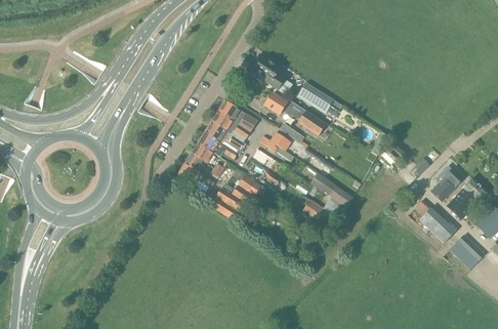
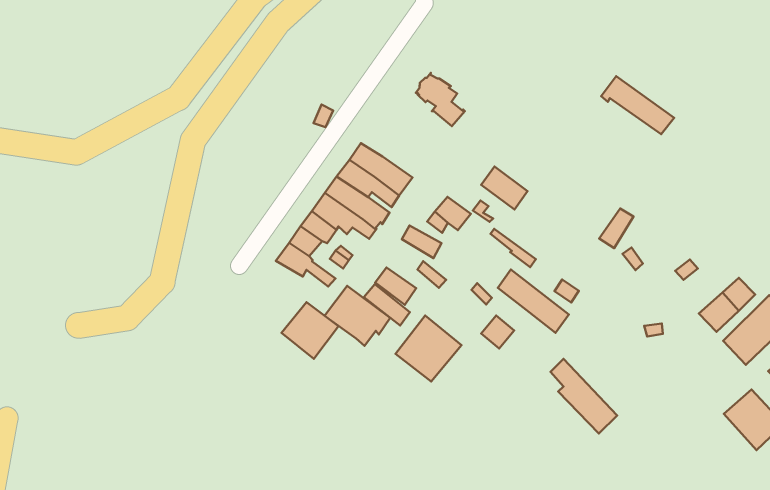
building: [297,84,341,117] -> [601,76,674,134]
building: [264,93,304,120] -> none
building: none -> [281,302,338,359]
building: [414,201,455,244] -> [551,359,617,434]
building: none -> [396,316,461,381]

